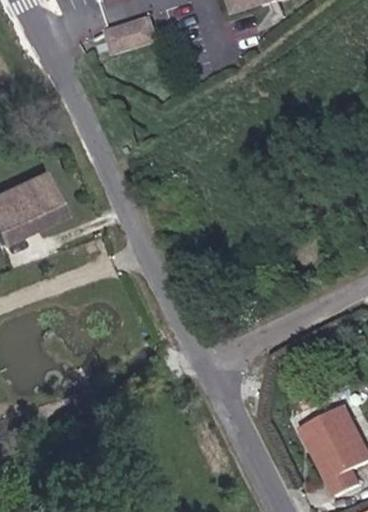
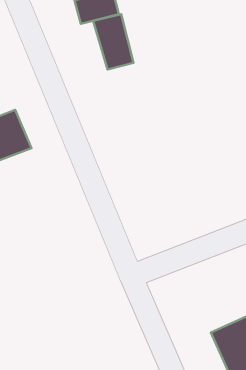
building: none -> [93,14,134,69]

